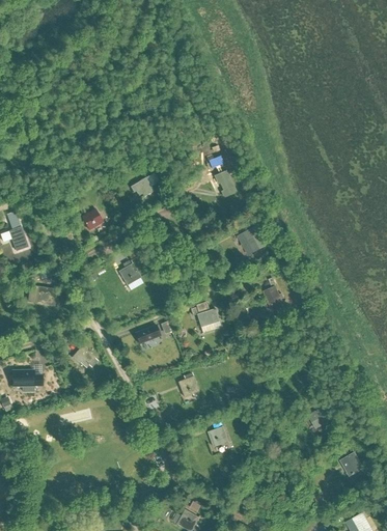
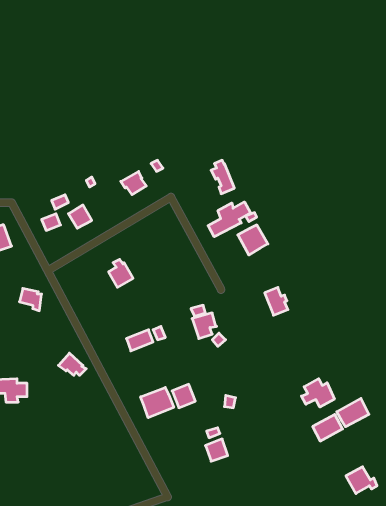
building: none -> [208,202,250,237]
building: none -> [301,379,334,407]
building: none -> [141,387,174,418]
building: none -> [337,398,369,427]

